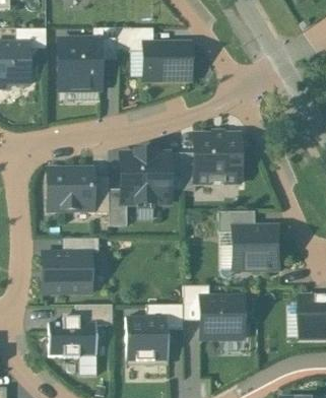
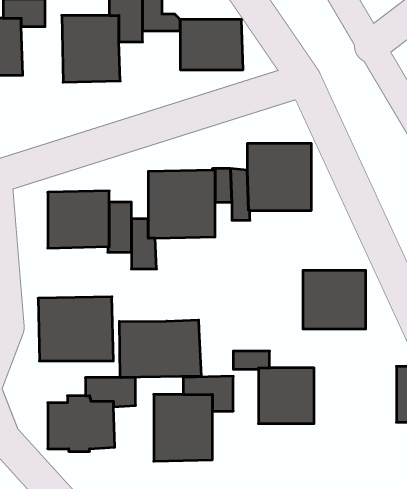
building: [218,211,255,233] -> none
building: none -> [119,320,201,378]

